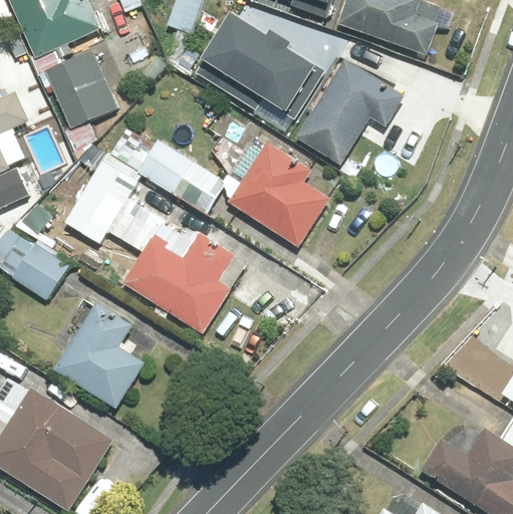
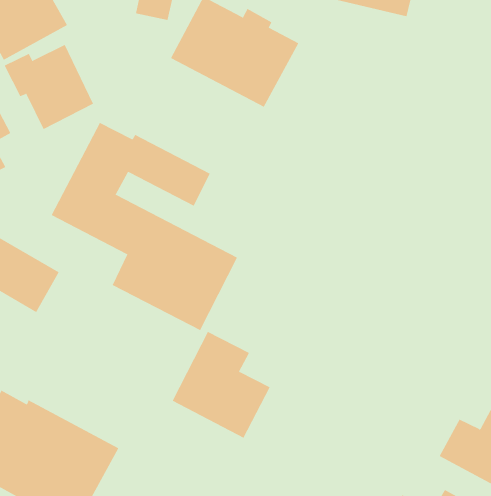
building: [294,58,400,163] -> none
building: [227,140,327,244] -> none
building: [55,303,151,409] -> [172,331,270,438]

